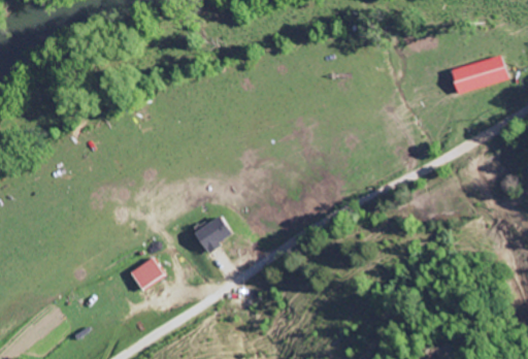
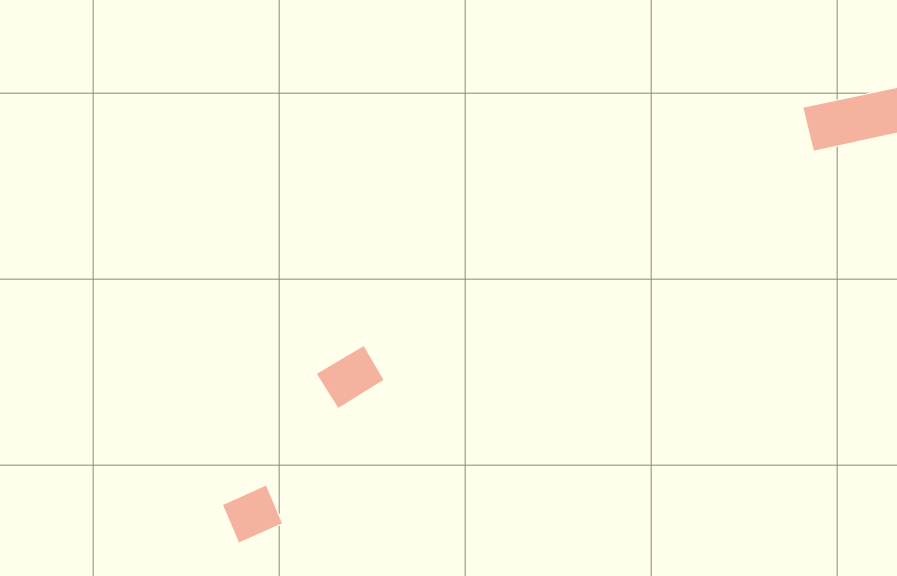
building: [127,258,161,291] -> [222,485,283,543]

